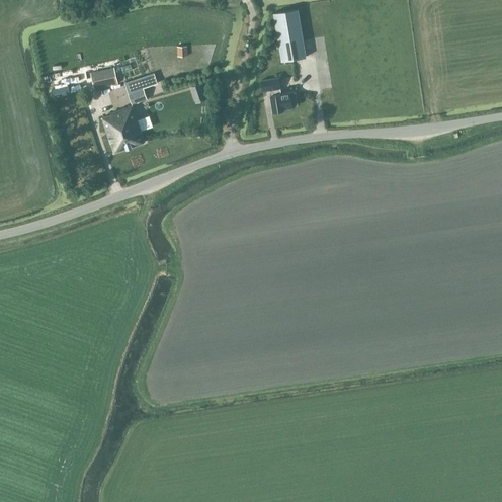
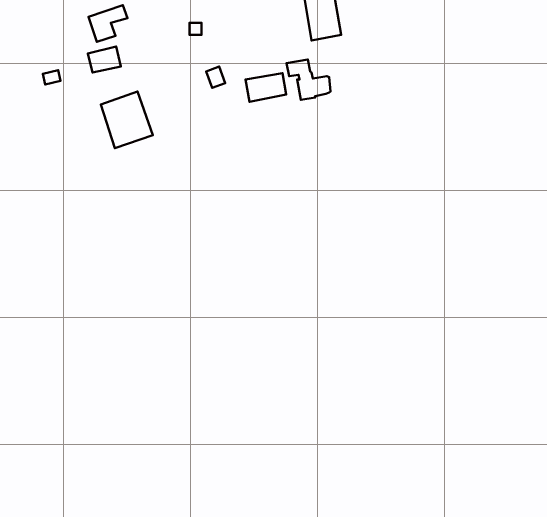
building: [123,72,157,103] -> [88,5,127,42]
building: none -> [245,73,286,102]

